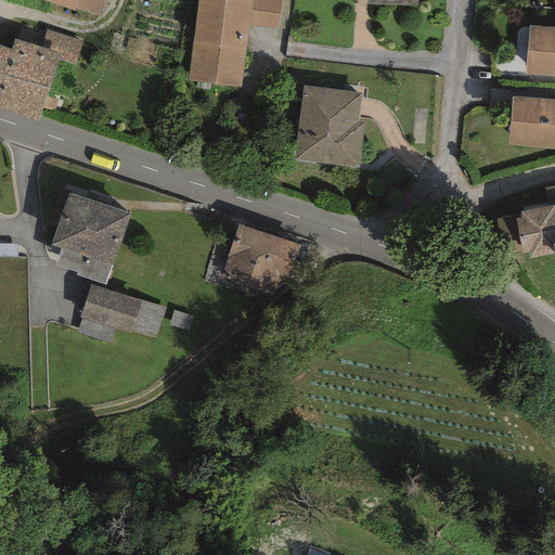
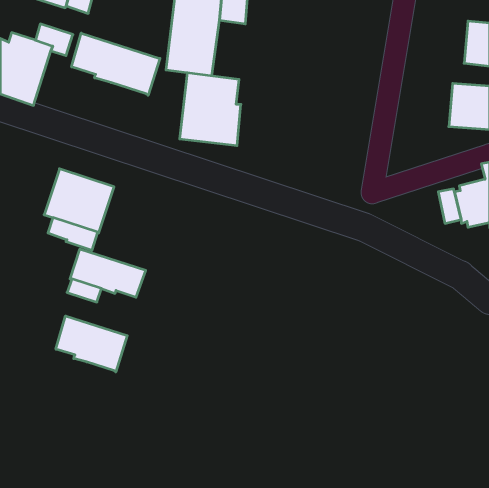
building: none -> [72,33,160,95]
building: [295,83,364,166] -> [180,73,241,146]
building: [221,222,301,292] -> none
building: none -> [56,316,127,372]

